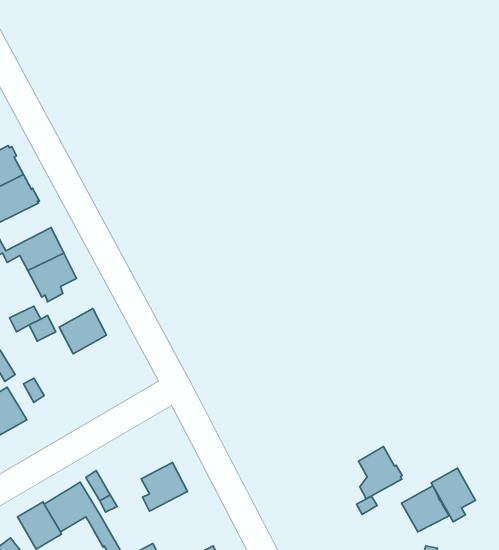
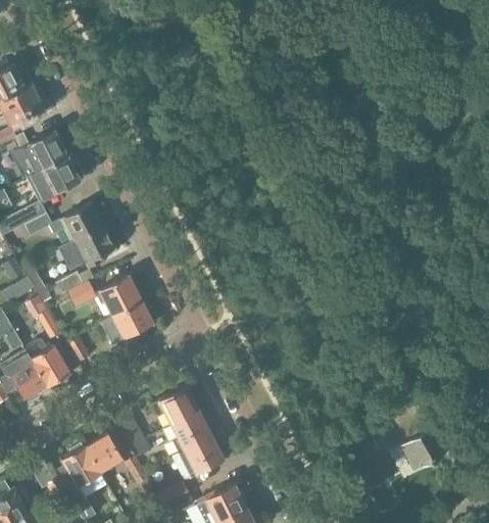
building: none -> [100,299,153,345]
building: none -> [152,387,199,426]
building: [358,446,402,499] -> none
building: [431,468,475,522] -> none
building: none -> [179,437,225,478]

